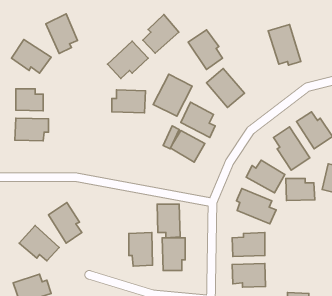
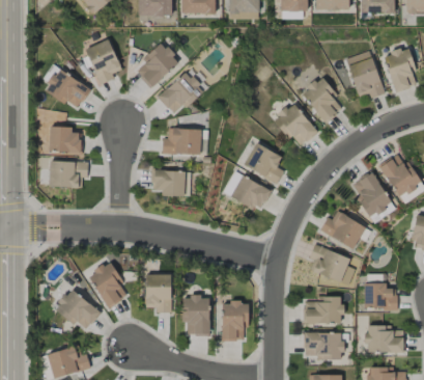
building: [143,14,179,53] -> [137,42,179,87]
building: none -> [384,48,417,92]
building: [188,30,222,70] -> [302,77,342,124]
building: [153,74,192,116] -> none
building: none -> [151,170,191,196]
building: [286,179,315,201] -> [364,283,398,309]
building: [157,204,180,238] -> [145,274,172,314]
building: none -> [366,325,404,353]

